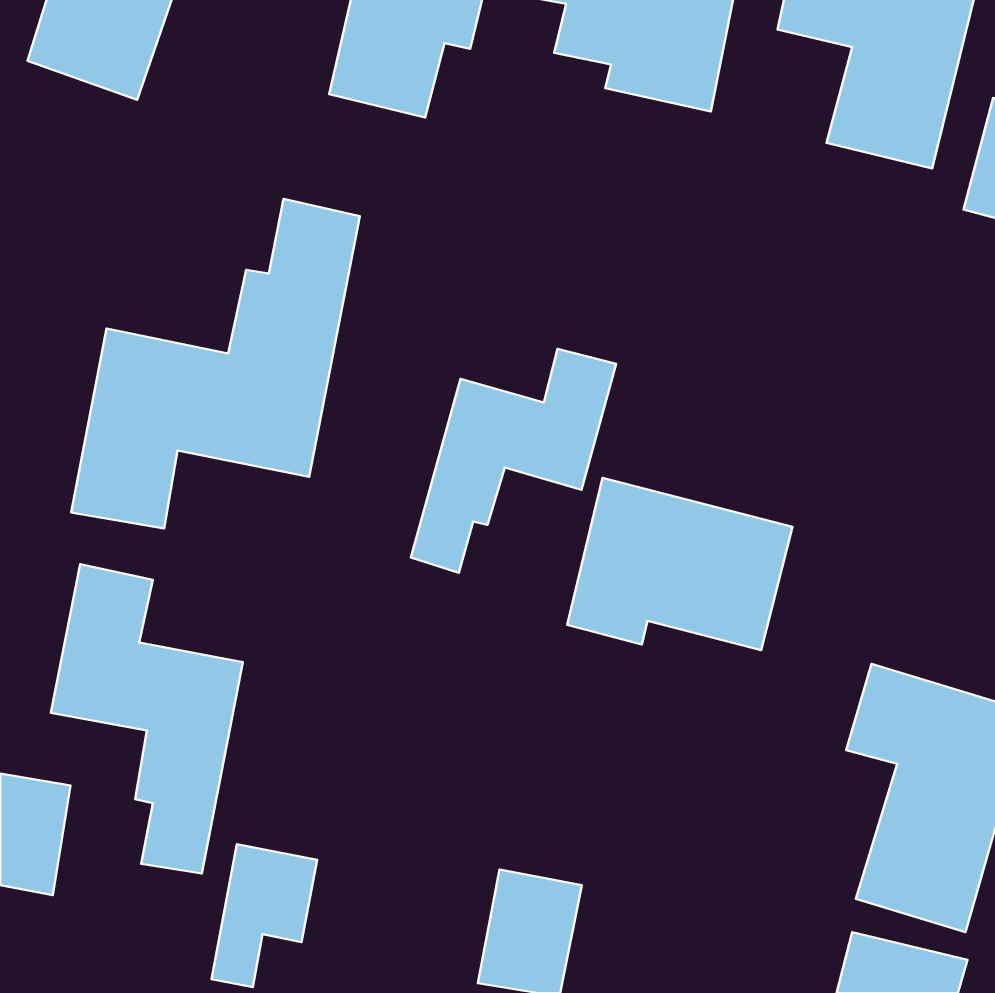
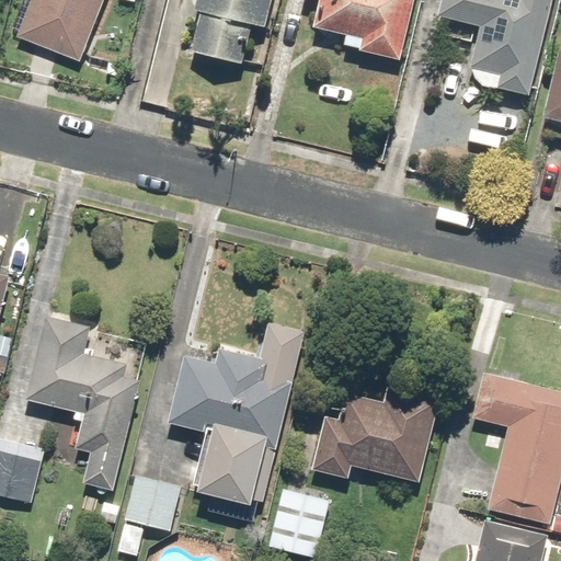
building: [71,199,360,529] -> none
building: [411,349,616,573] -> none
building: [567,478,792,650] -> [309,386,435,482]
building: none -> [171,322,309,508]

